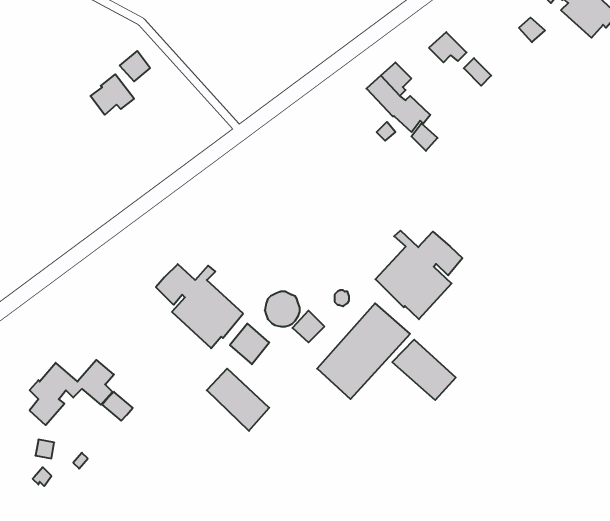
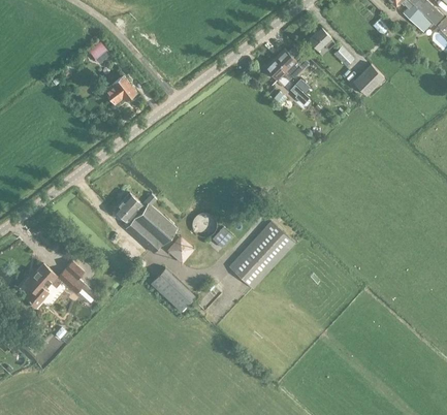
building: [90,74,134,115] -> [104,75,135,104]
building: none -> [353,65,384,96]
building: [375,231,462,319] -> none
building: [392,340,456,400] -> none

